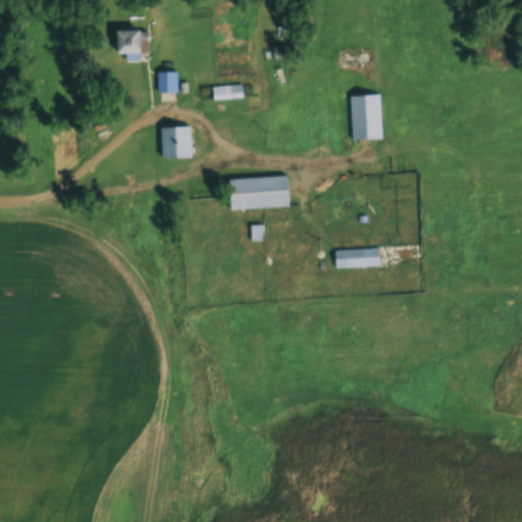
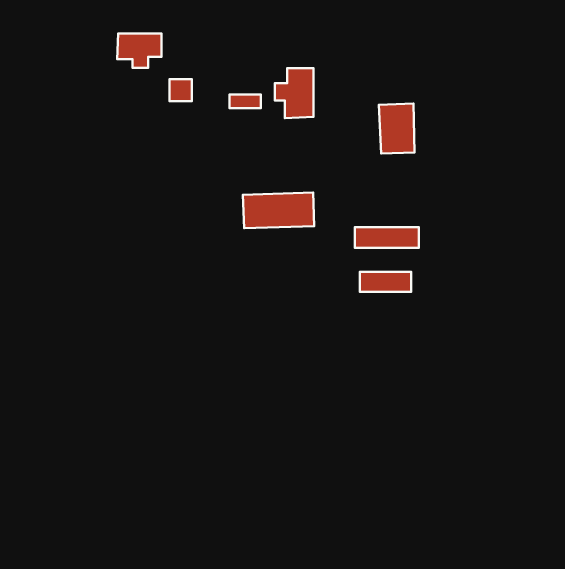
building: none -> [275,68,313,118]
building: [160,127,192,158] -> none
building: none -> [355,227,419,248]

